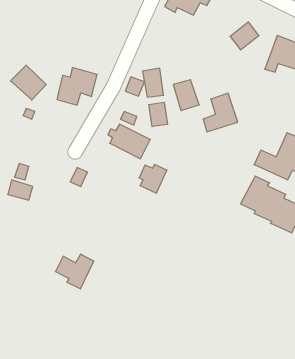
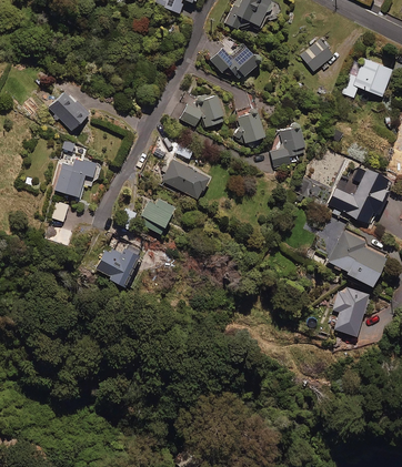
building: none -> [210,47,259,78]
building: [57,68,97,105] -> [56,154,102,197]
building: [149,102,167,127] -> none
building: [139,164,167,193] -> [141,199,173,232]
building: none -> [333,286,370,334]
building: [55,254,94,289] -> [96,243,140,283]

